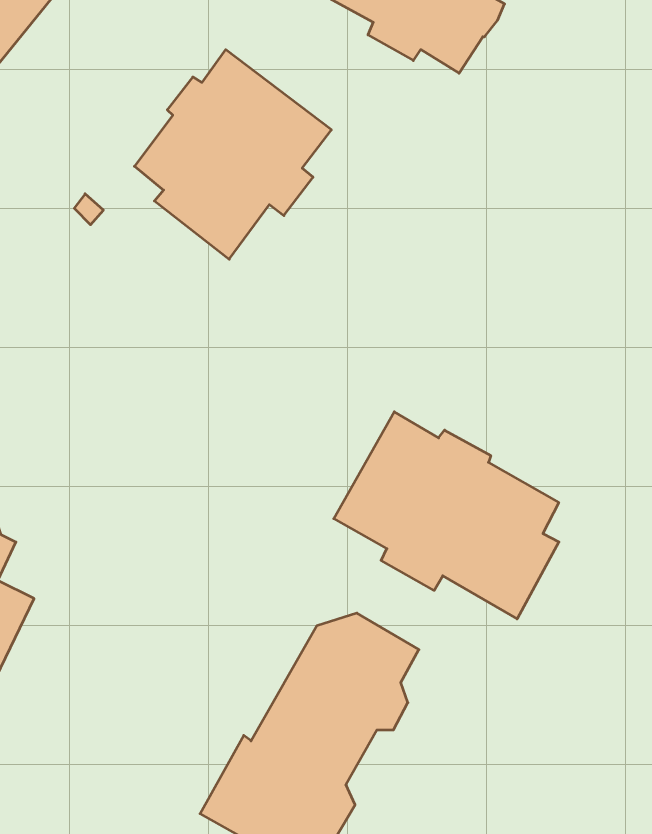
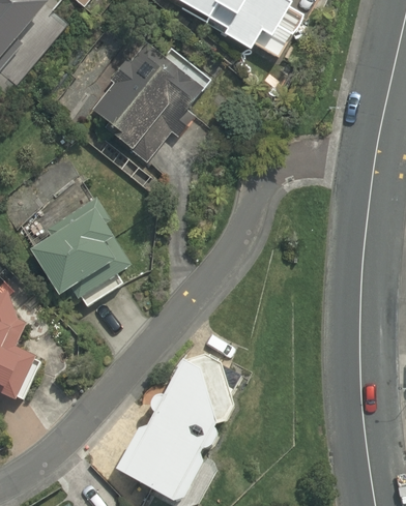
building: none -> [29,197,131,297]
building: [334,412,559,619] -> none

